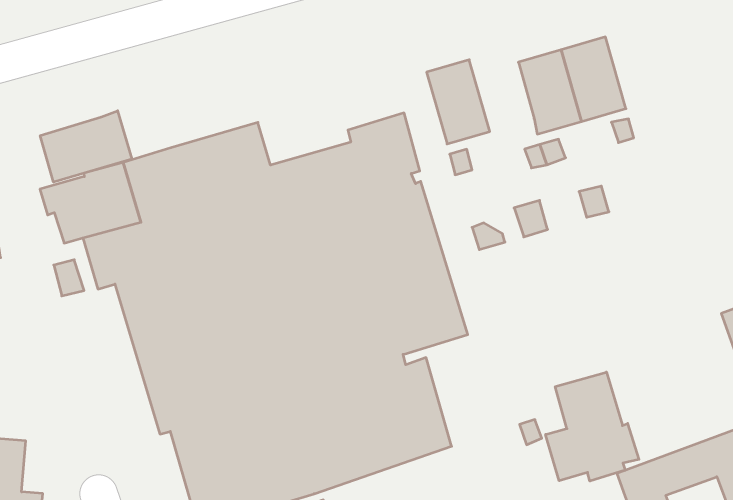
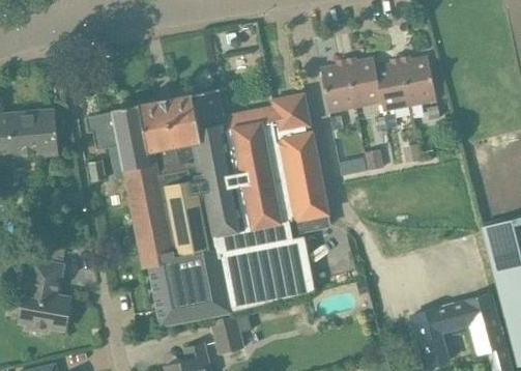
building: none -> [346,58,381,107]
building: [40,111,132,182] -> none
building: [546,372,639,481] -> none

